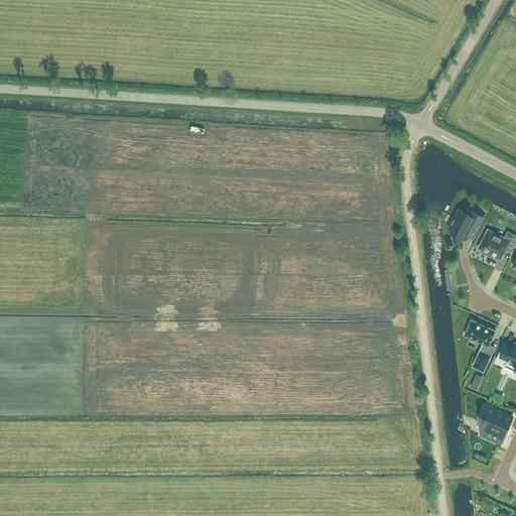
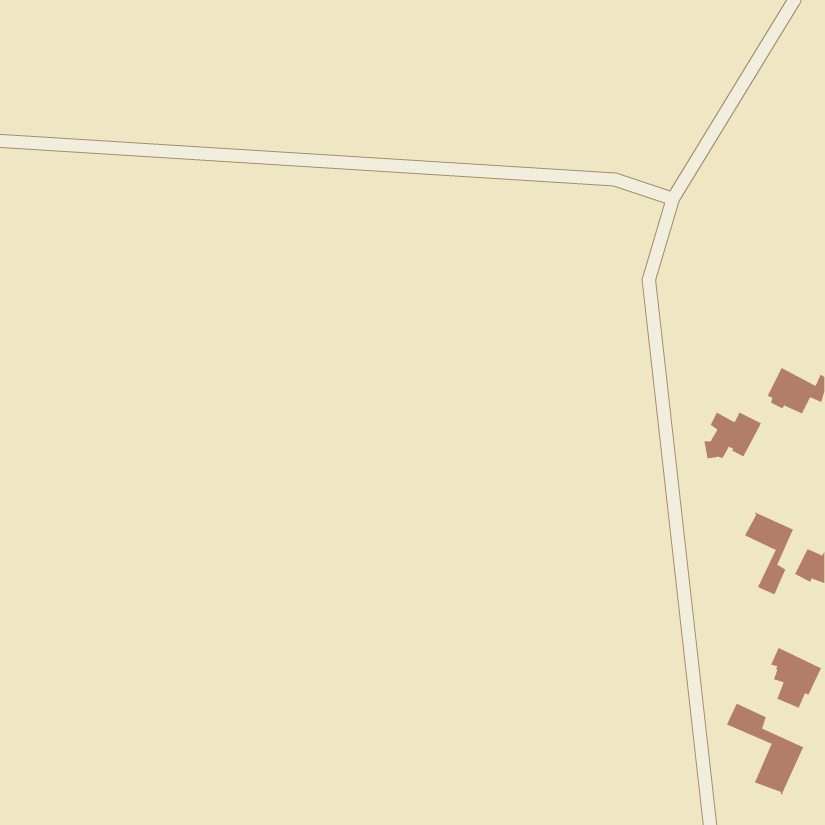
building: [448,210,485,239] -> [703,412,762,459]
building: none -> [726,703,805,795]

